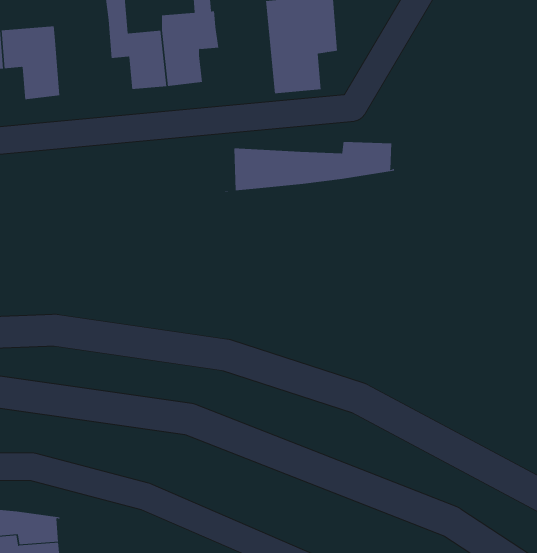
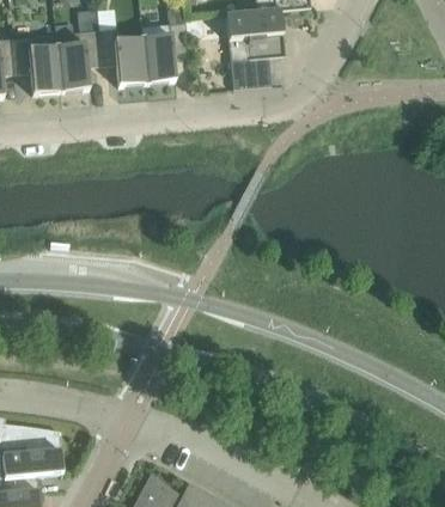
building: none -> [54,24,100,91]
building: [224,141,394,192] -> none

